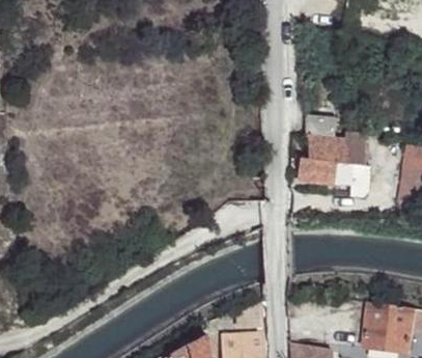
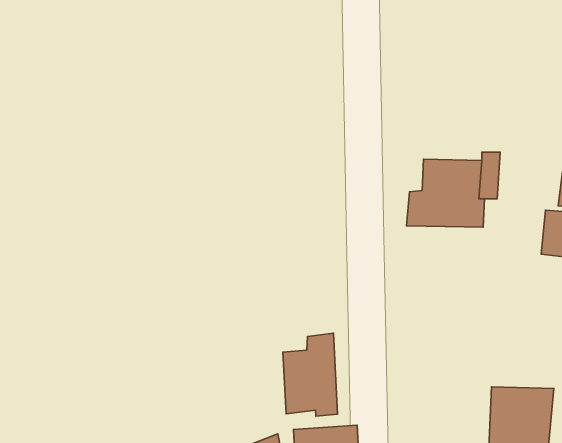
building: none -> [283,333,338,416]

